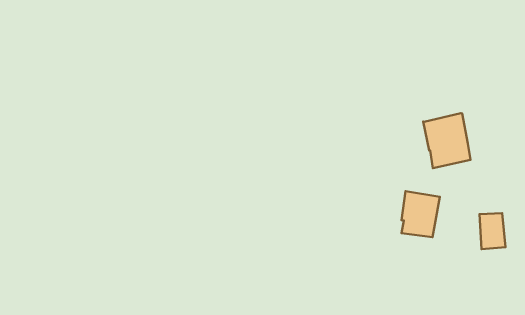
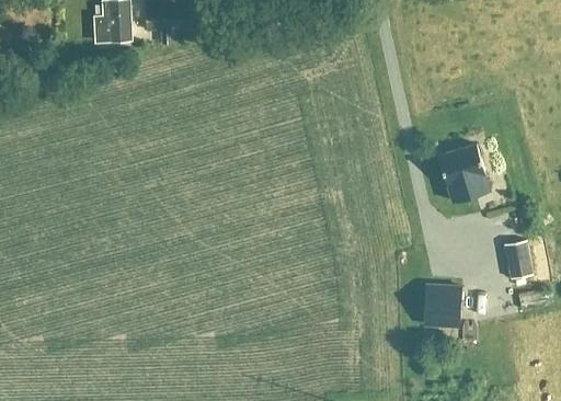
building: [401,191,440,237] -> [425,286,461,330]

